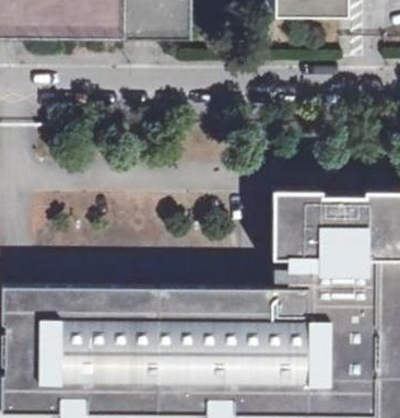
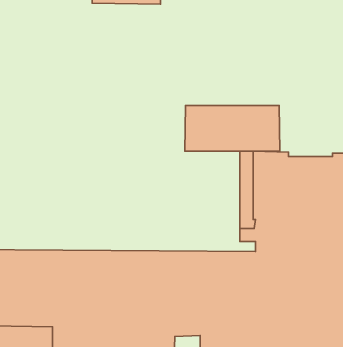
building: none -> [185,105,280,151]

